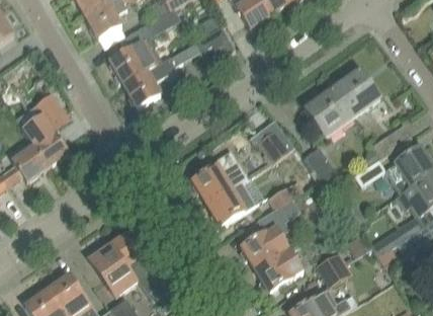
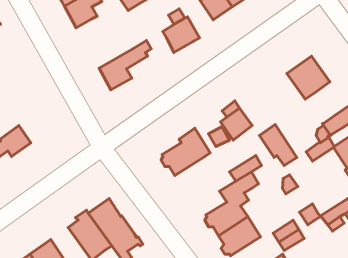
building: [109,25,161,83] -> none
building: [306,89,352,137] -> none
building: [22,93,70,166] -> none
building: [207,181,255,225] -> none

